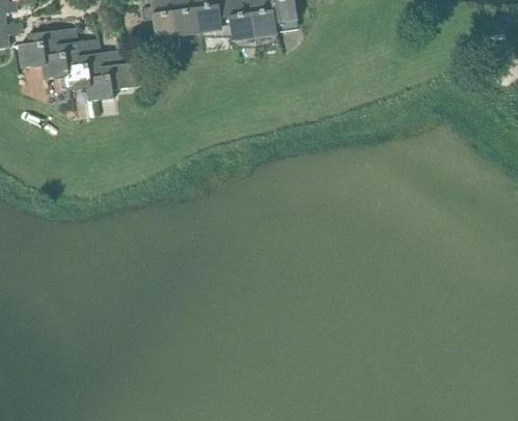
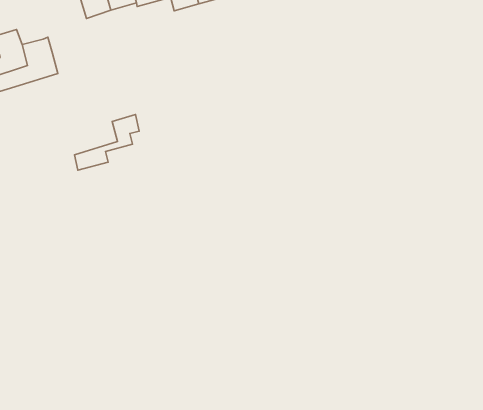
building: [86,60,144,101] -> [74,115,139,170]

